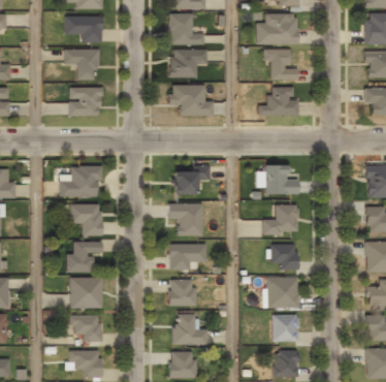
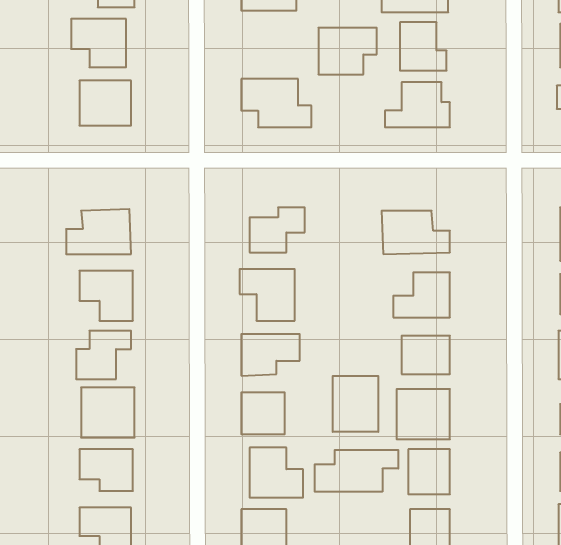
building: [169,49,205,77] -> [318,28,377,74]
building: none -> [333,376,378,432]
building: none -> [315,450,398,492]

